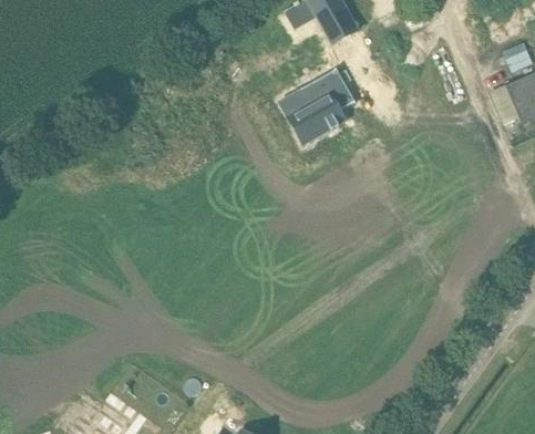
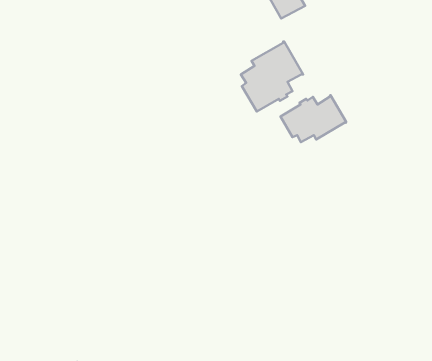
building: none -> [281,95,346,142]

